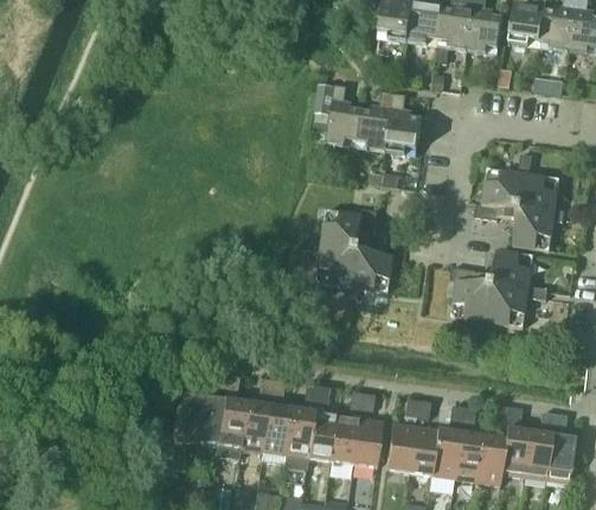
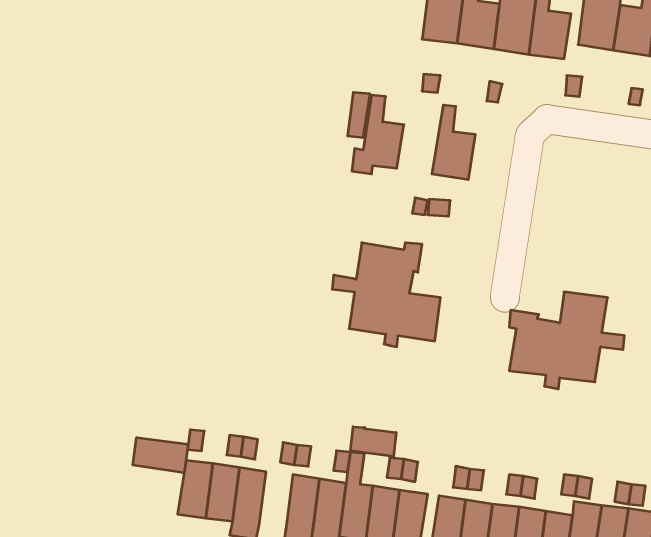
building: [357,90,396,151] -> none
building: [475,153,565,250] -> none
building: none -> [350,427,396,457]
building: none -> [133,438,188,473]
building: [241,402,269,451] -> none

